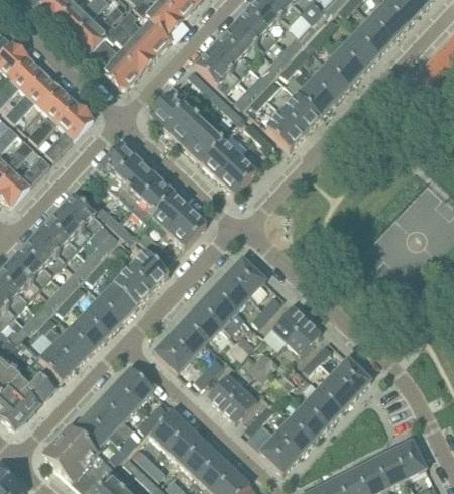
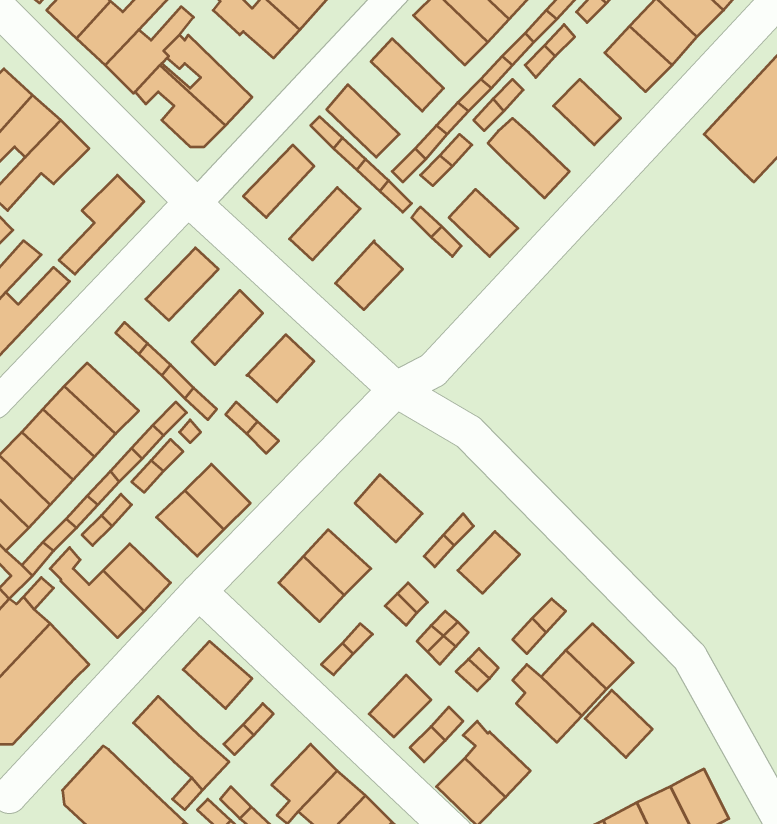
building: [117,11,169,57] -> none
building: [233,11,274,52] -> none
building: [340,32,377,70] -> none
building: [208,37,250,79] -> none
building: [311,63,348,100] -> none
building: [27,87,77,143] -> none
building: [280,93,320,132] -> none
building: [161,97,202,138] -> none
building: [188,121,229,163] -> none
building: [106,155,146,197] -> none
building: [217,155,255,194] -> none
building: [132,180,173,222] -> none
building: [60,195,101,236] -> none
building: [167,208,206,247] -> none
building: [130,250,168,288] -> none
building: [226,257,264,294] -> none
building: [197,288,235,326] -> none
building: [84,296,122,334] -> none
building: [285,318,320,353] -> none
building: [153,334,192,372] -> none
building: [38,342,77,380] -> none
building: [206,373,241,408] -> none
building: [100,383,138,420] -> none
building: [289,402,327,441] -> [585,690,652,758]
building: [148,410,187,449] -> none
building: [72,413,109,451] -> none

